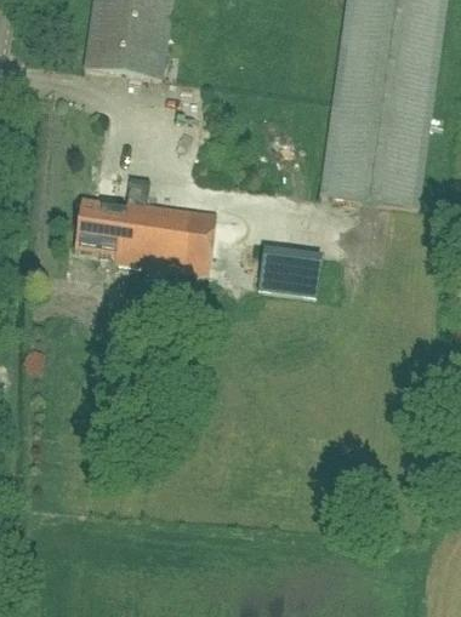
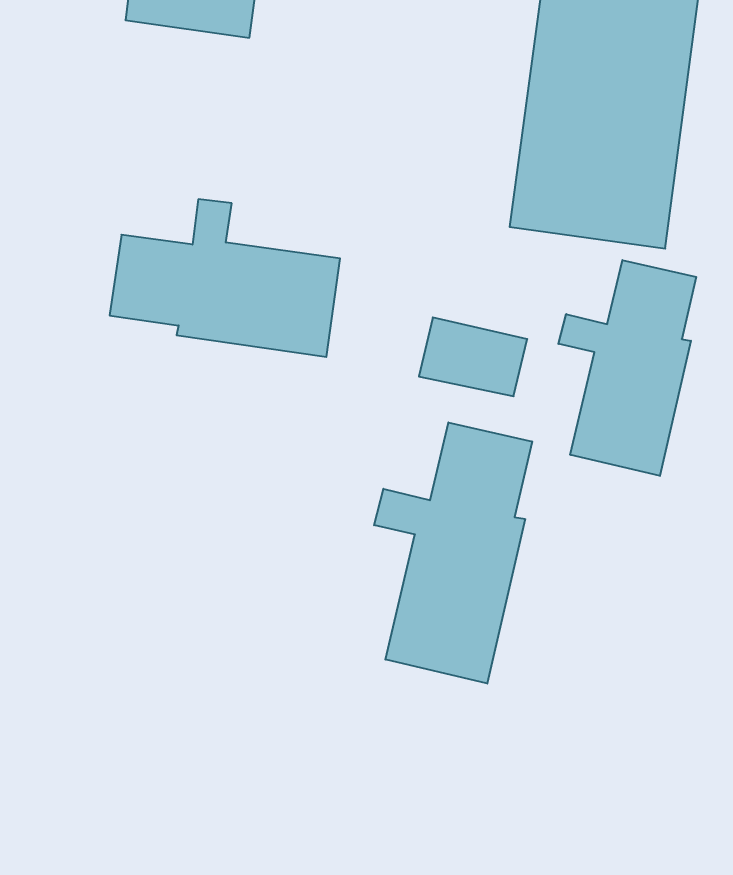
building: none -> [558,260,696,476]
building: none -> [374,422,532,684]

